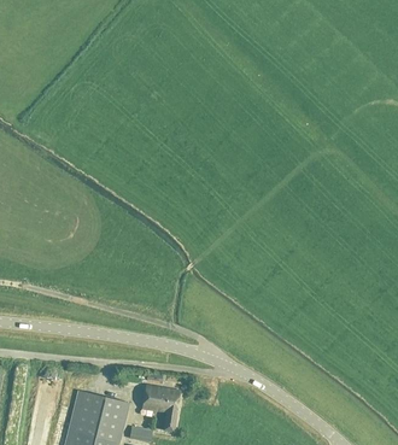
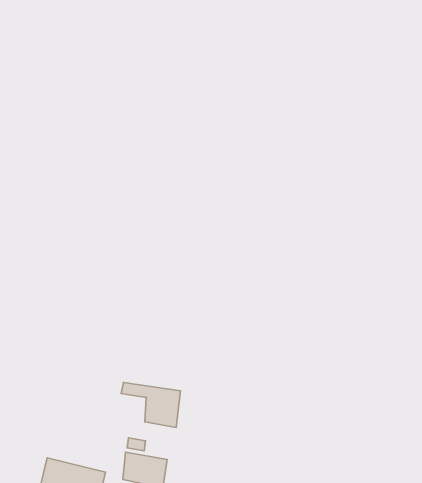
building: none -> [121,382,180,427]

